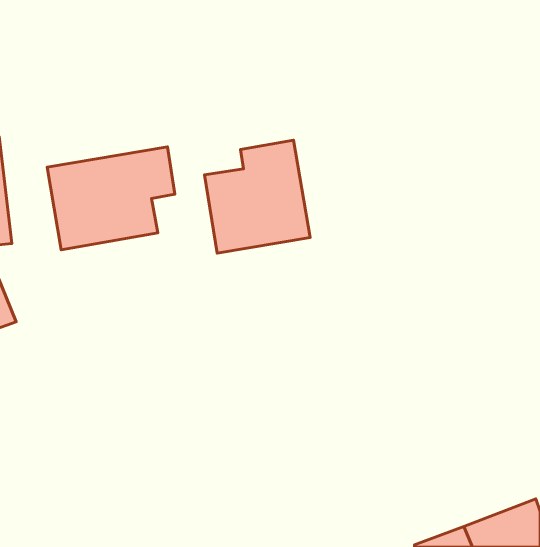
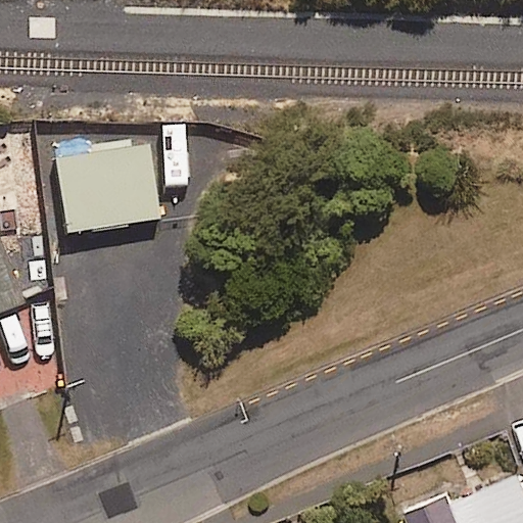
building: [205,140,310,253] -> none

